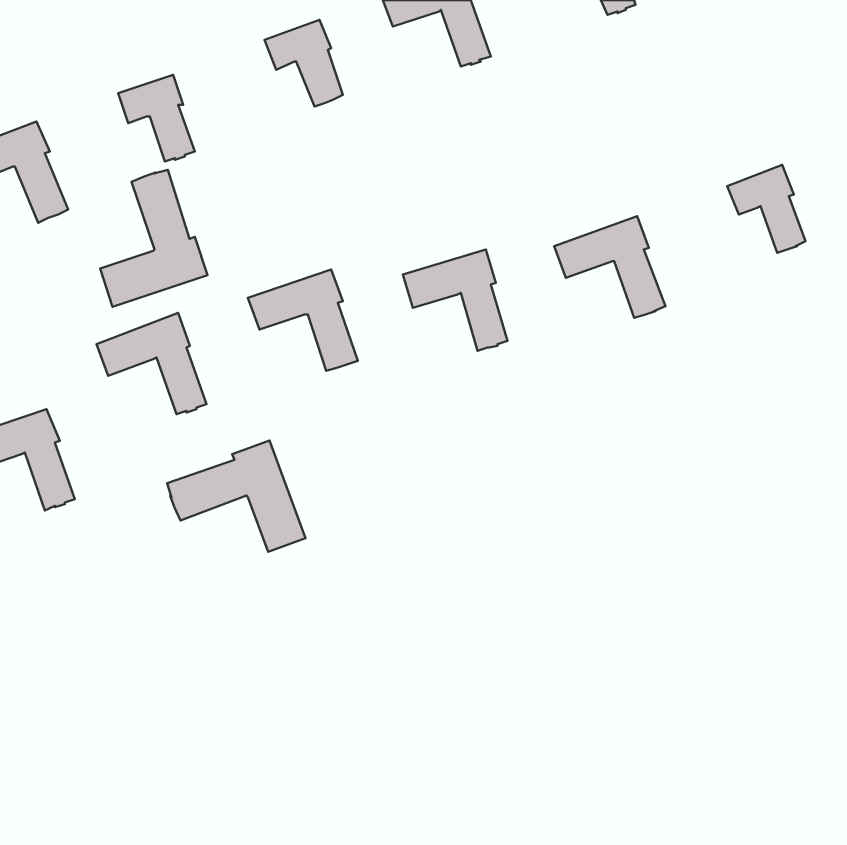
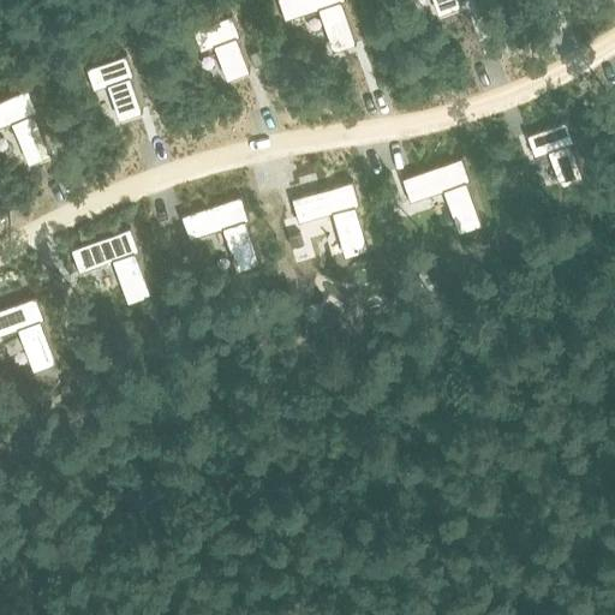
building: [100,170,207,307] -> none
building: [167,441,306,552] -> none

